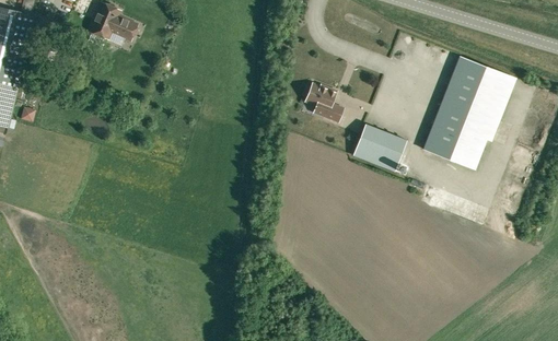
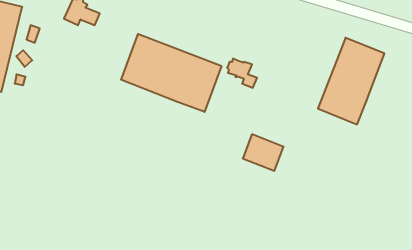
building: none -> [121,34,221,112]
building: [353,125,407,173] -> [243,134,284,171]

